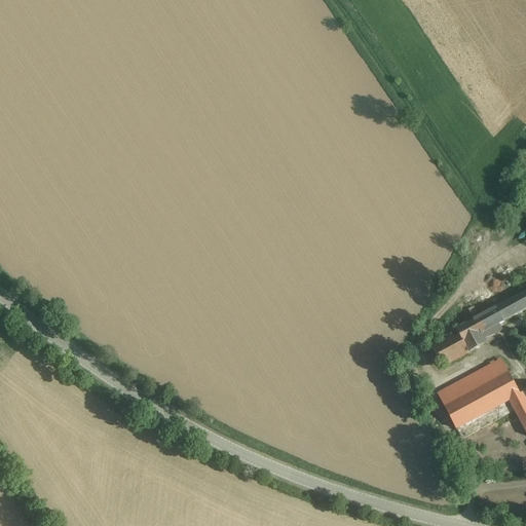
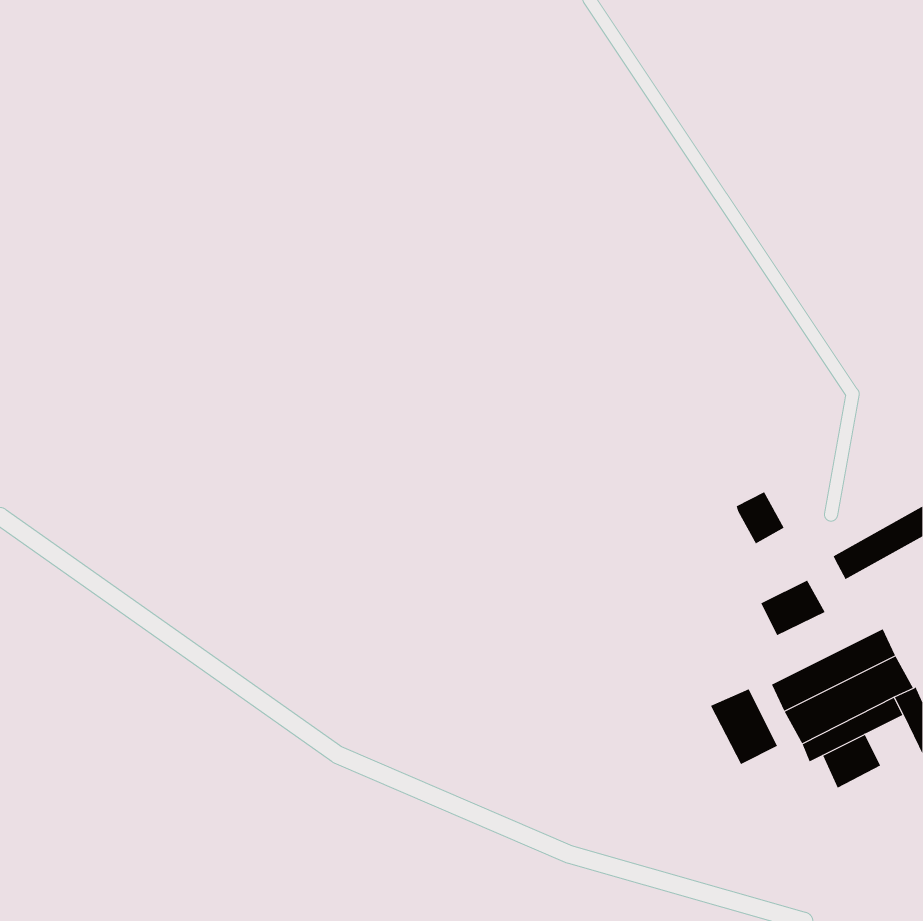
building: [458,318,486,348] -> [736,492,784,544]
building: none -> [710,688,778,765]
building: none -> [823,734,881,788]

